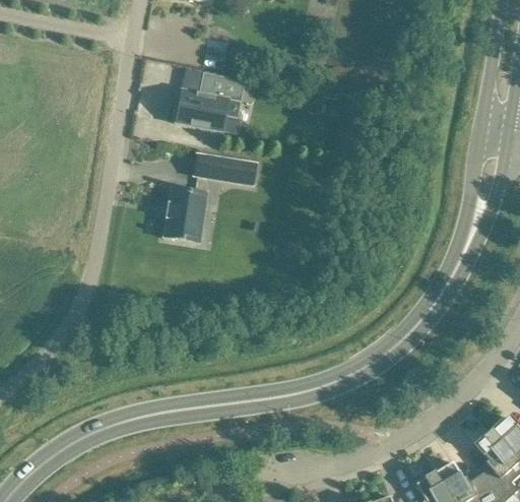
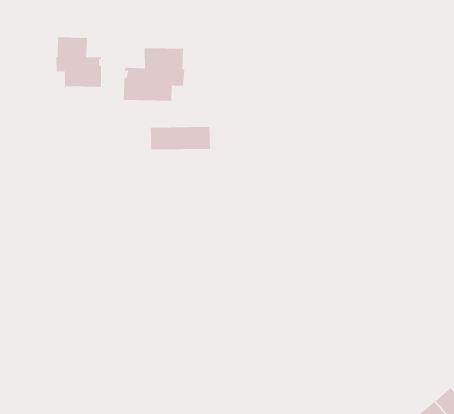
building: none -> [56,37,102,87]
building: [162,186,206,242] -> none

